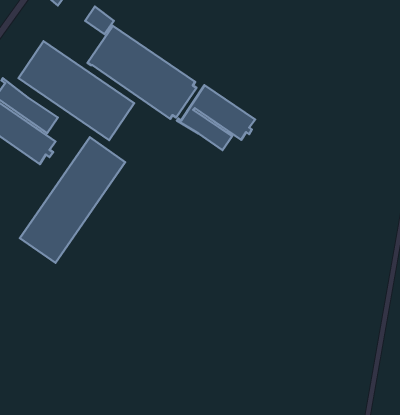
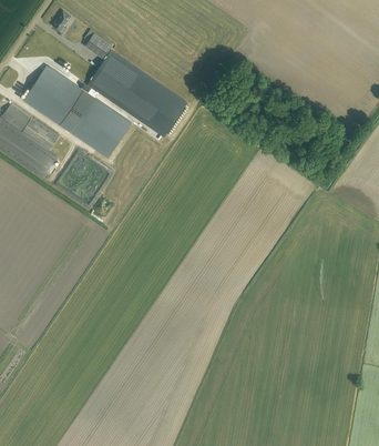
building: [177,85,255,150] -> none
building: [20,137,125,263] -> none

